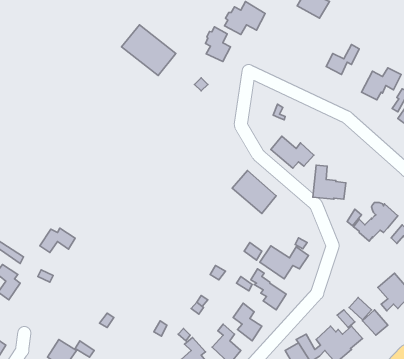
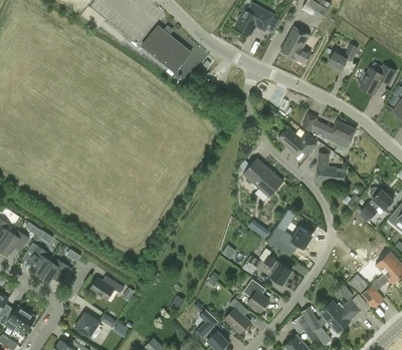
building: none -> [280,27,311,64]
building: [205,27,231,61] -> none
building: none -> [303,113,356,155]
building: [40,228,75,253] -> [39,260,71,282]
building: none -> [89,275,124,301]

